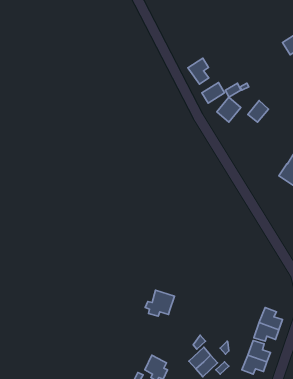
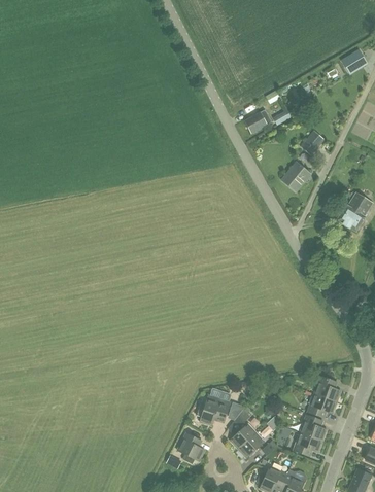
building: [188,58,209,84] -> none
building: [217,97,241,122] -> [281,162,310,191]
building: [145,290,175,316] -> [196,393,231,424]

